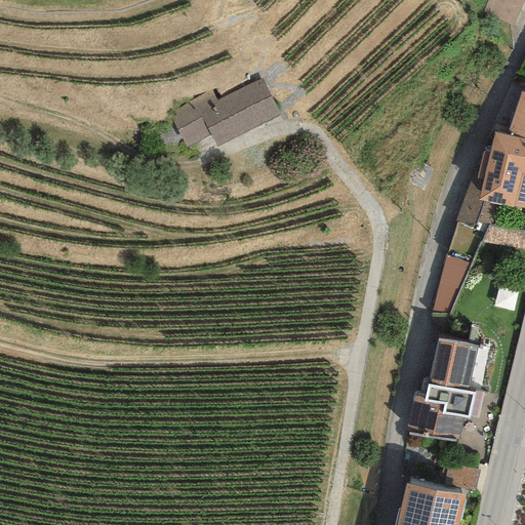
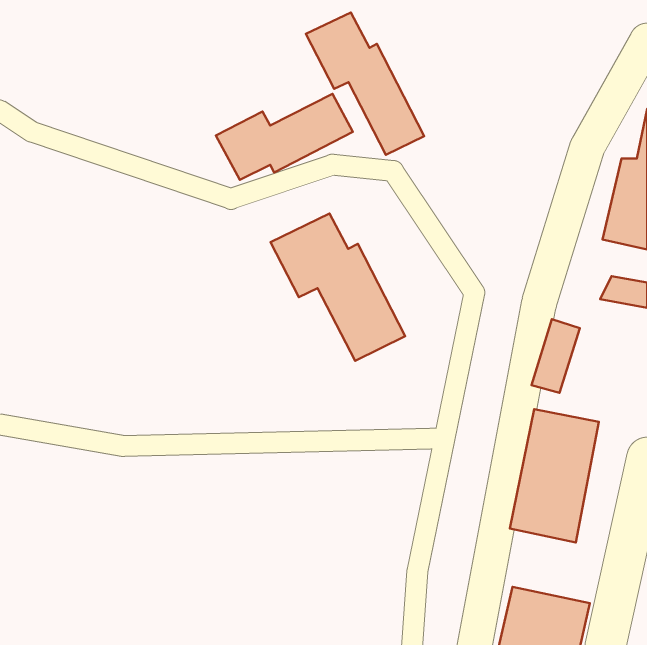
building: none -> [306,12,424,155]
building: [443,171,491,266] -> none
building: none -> [271,214,405,361]

